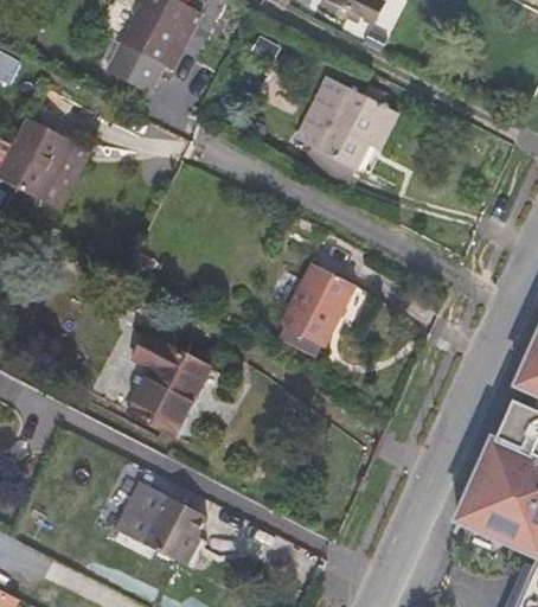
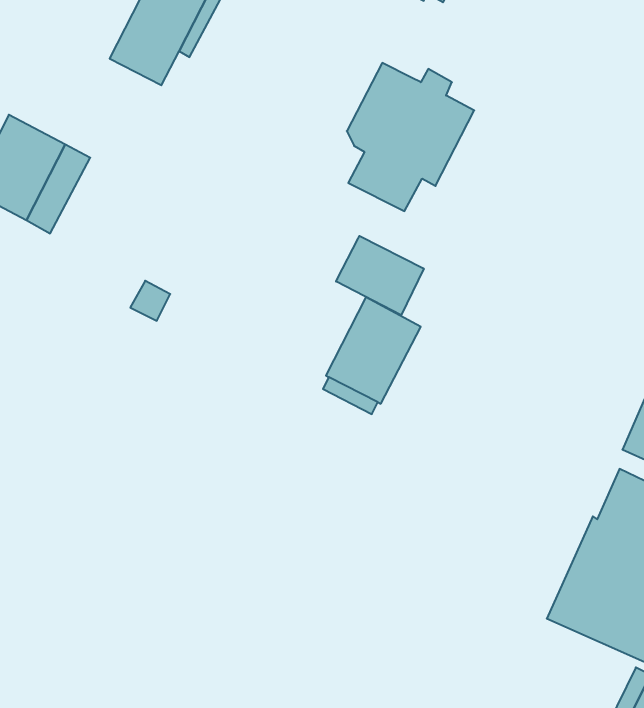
building: none -> [336,236,424,315]
building: [127,332,211,437] -> none
building: [110,479,206,564] -> none

